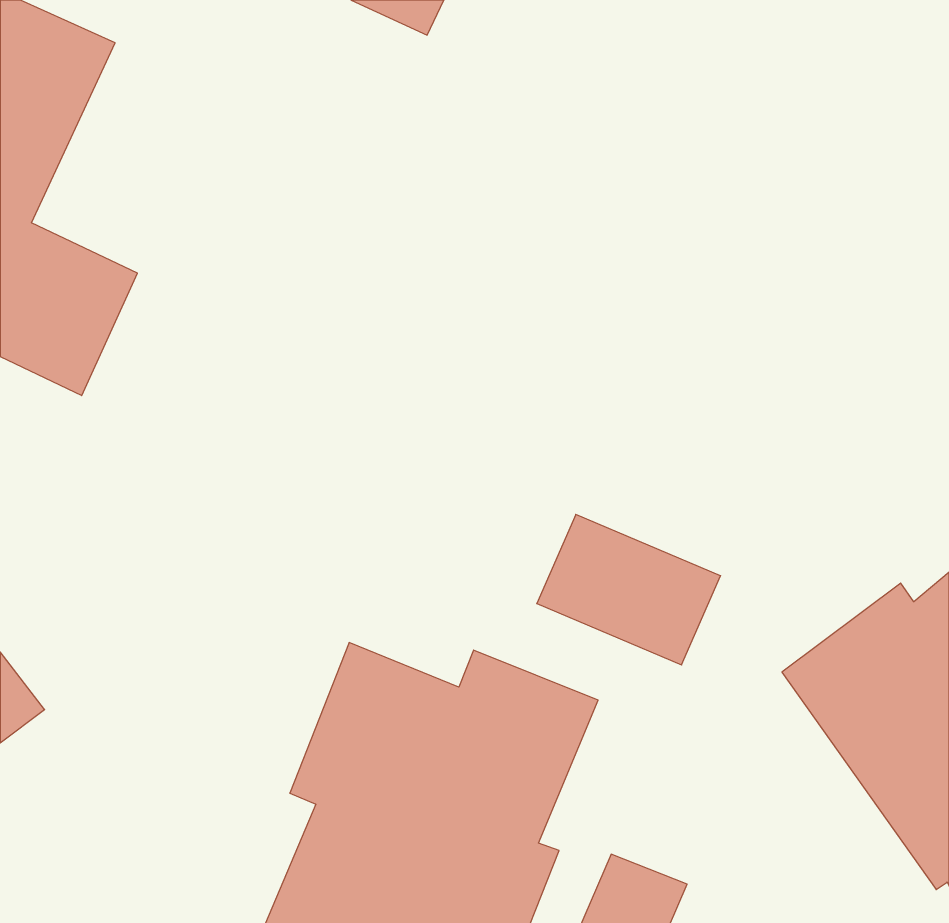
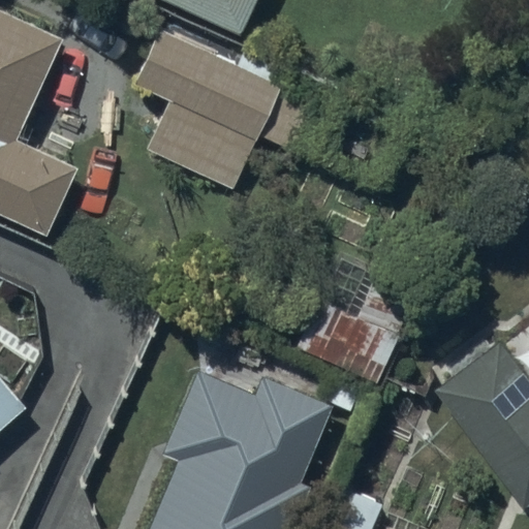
building: none -> [133,28,323,192]

